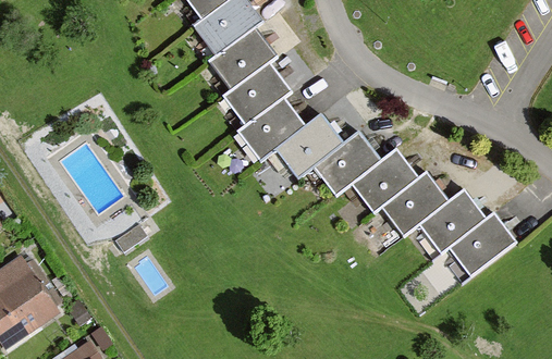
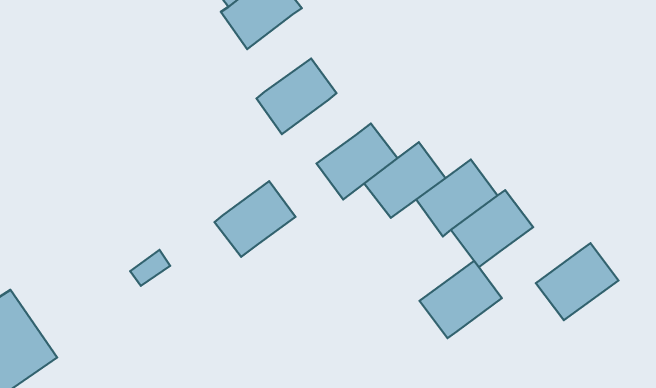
building: [207,28,274,91] -> none
building: [236,98,303,160] -> [214,181,296,257]
building: [420,190,488,253] -> [420,261,502,338]

